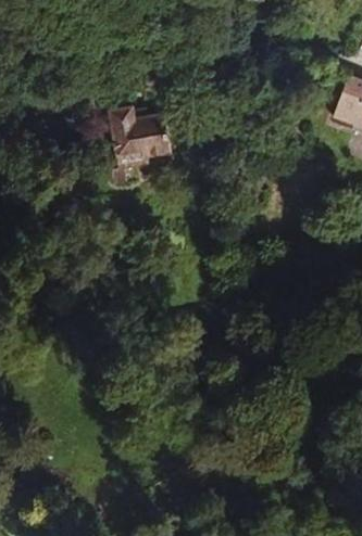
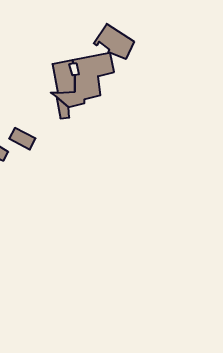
building: none -> [94,24,134,59]

